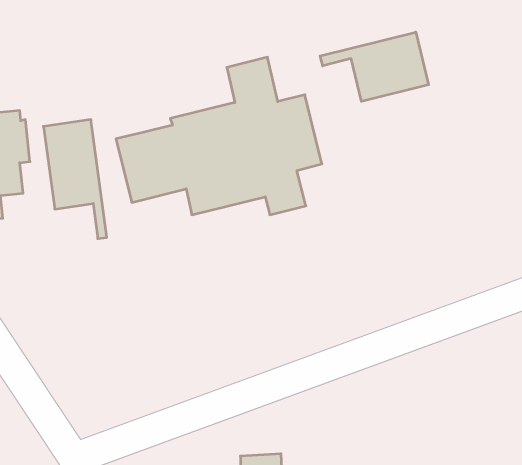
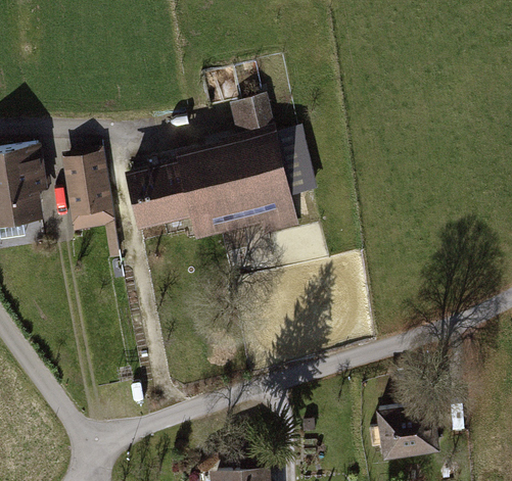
building: [320,32,429,101] -> none
building: none -> [375,399,439,459]

